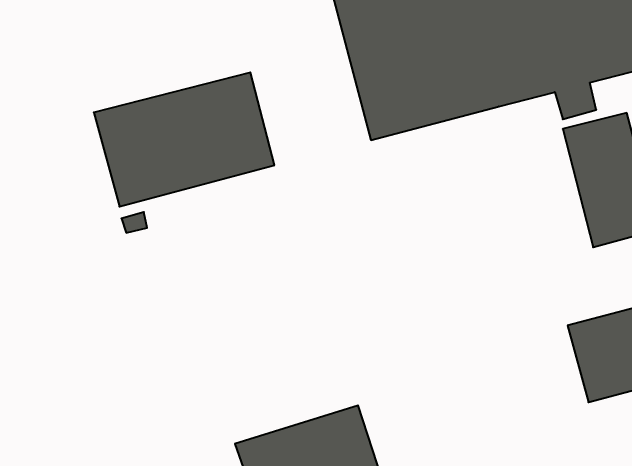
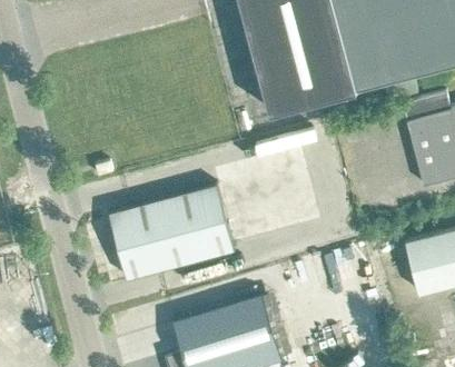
building: [94,72,274,207] -> [108,187,234,280]

